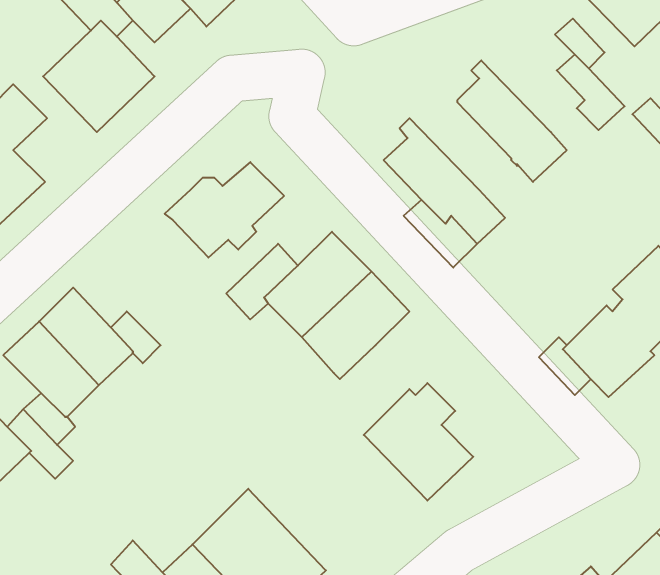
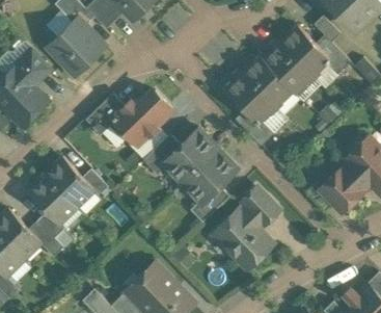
building: none -> [275,26,329,76]
building: none -> [238,56,291,106]
building: none -> [85,94,124,135]
building: none -> [190,187,228,223]
building: none -> [242,188,278,225]

